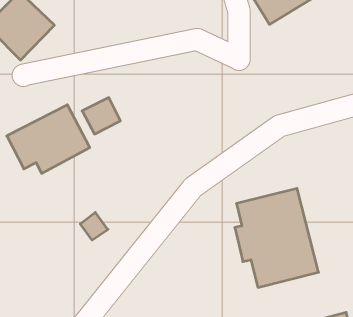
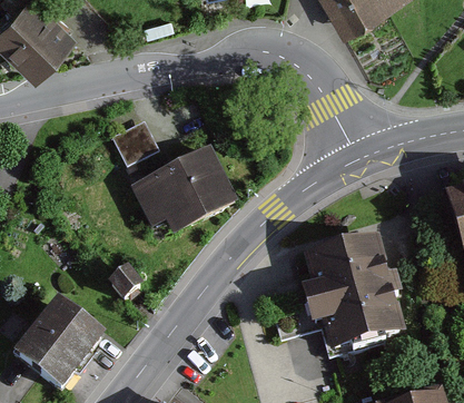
building: [7,105,90,173] -> [132,147,236,233]
building: none -> [16,298,106,391]

